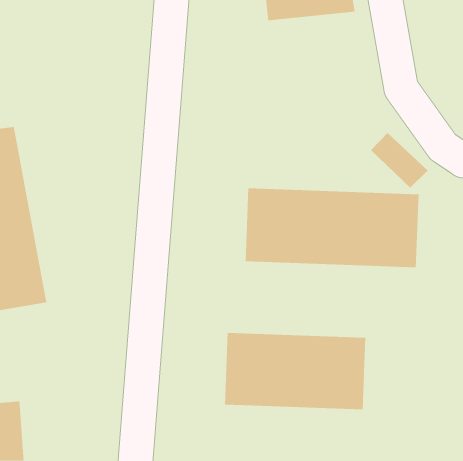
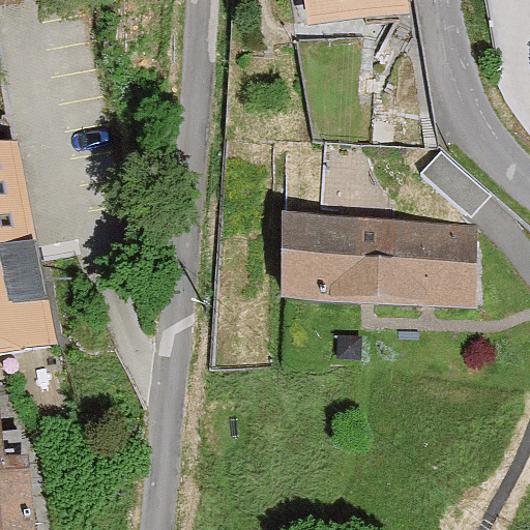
building: [225,332,366,410] -> none

